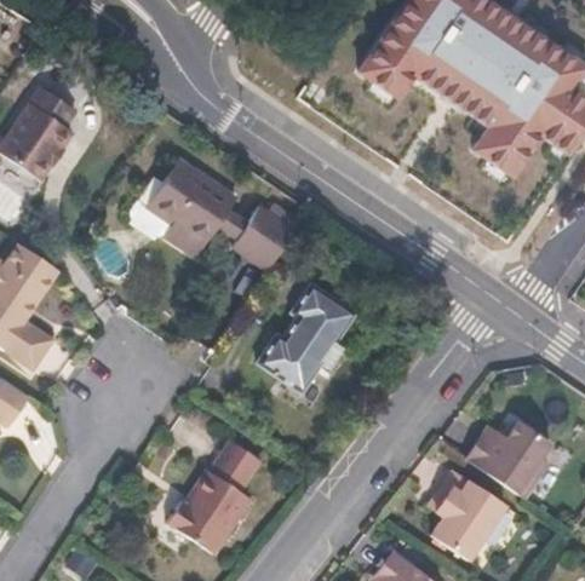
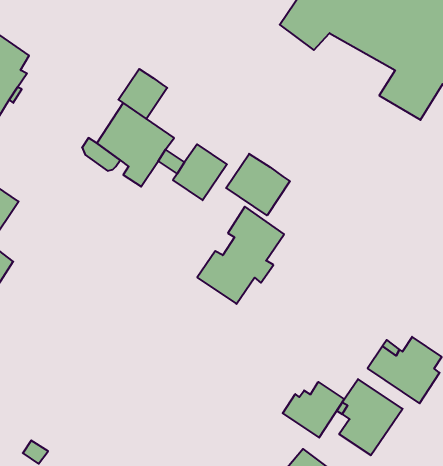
building: none -> [118,69,167,119]
building: none -> [226,154,290,215]
building: [165,441,260,554] -> none
building: none -> [283,382,344,438]

